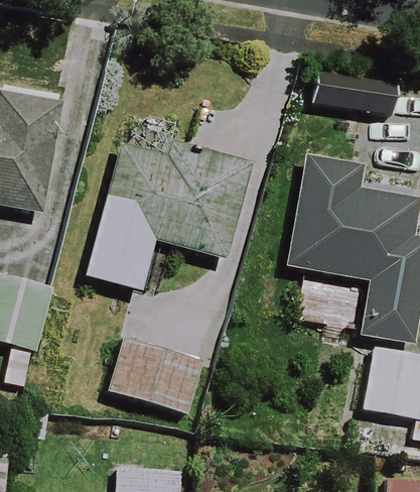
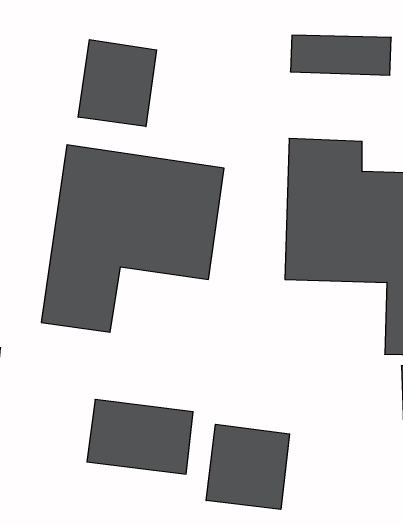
building: none -> [78,40,157,127]
building: none -> [206,424,290,509]

